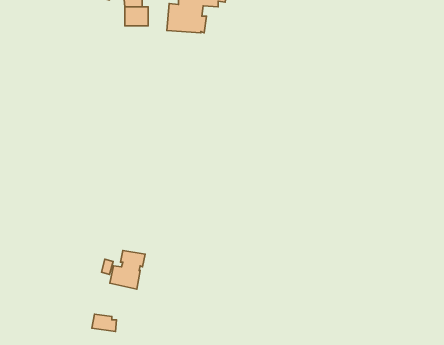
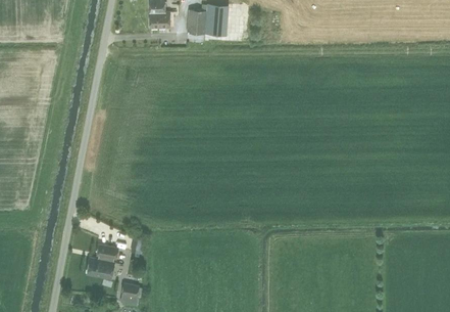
building: [110,251,145,289] -> [88,244,118,278]

